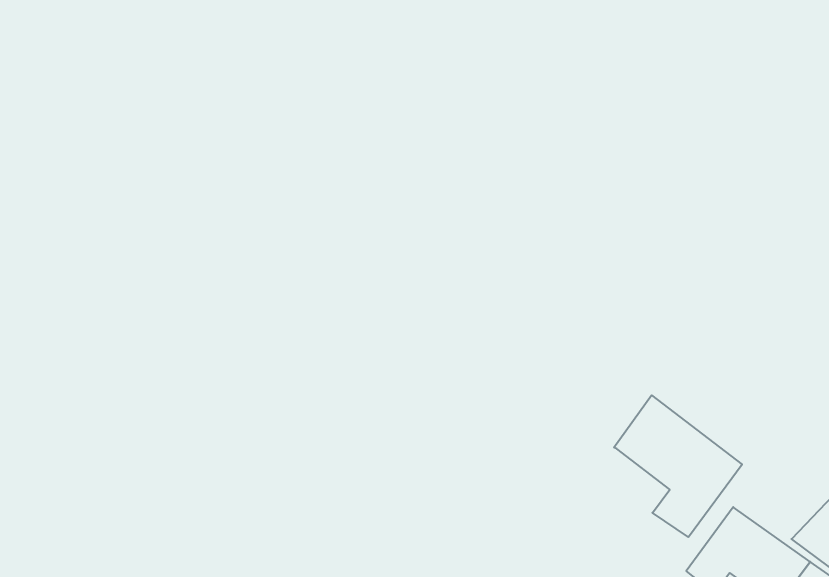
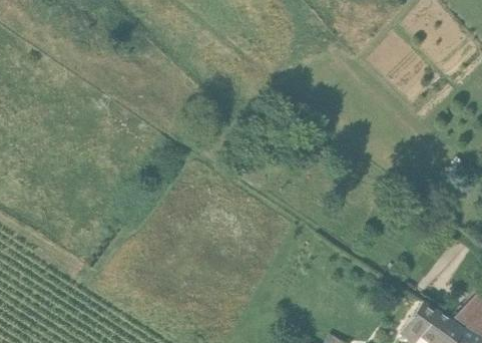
building: [614,395,742,537] -> none

